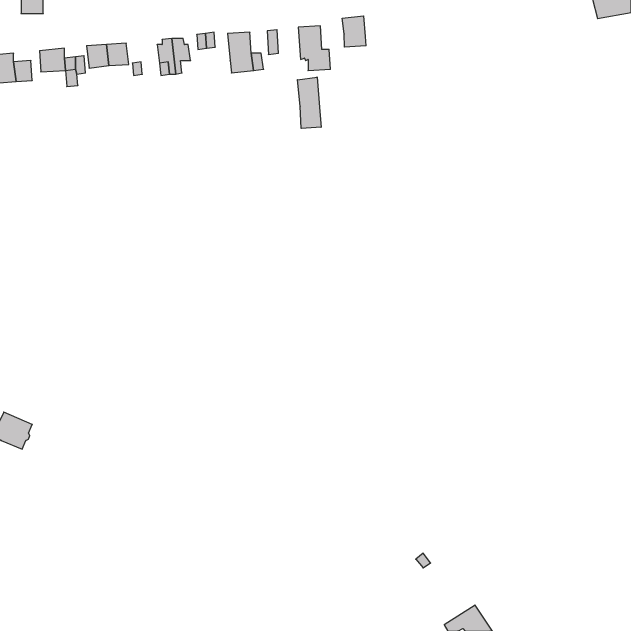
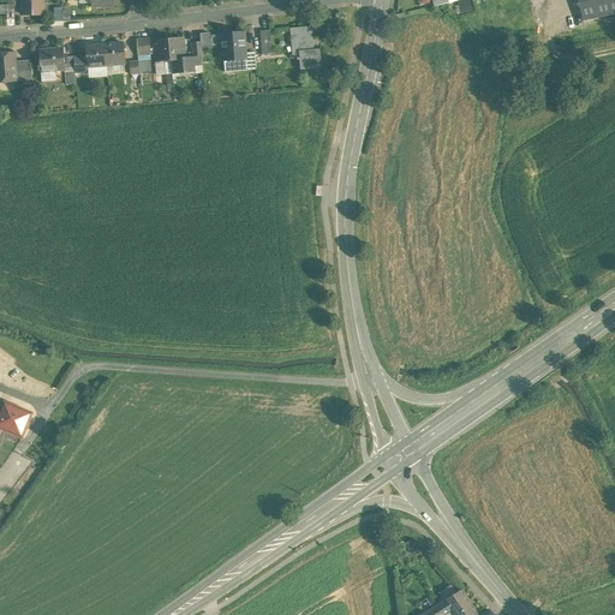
building: [342,16,366,47] -> none
building: [297,77,321,128] -> none

